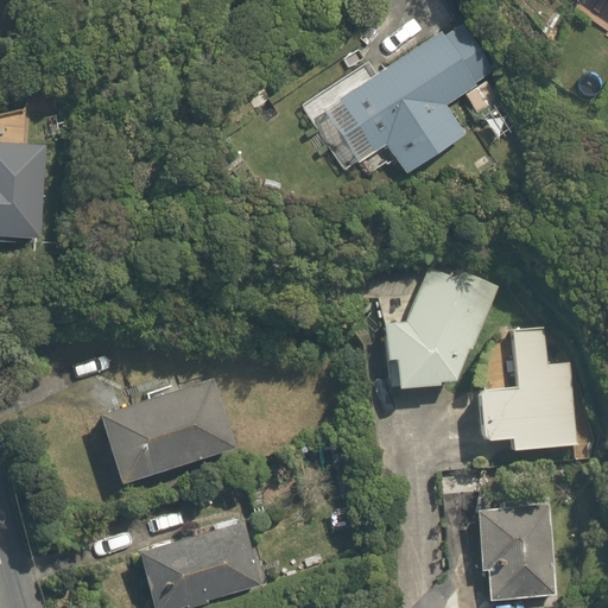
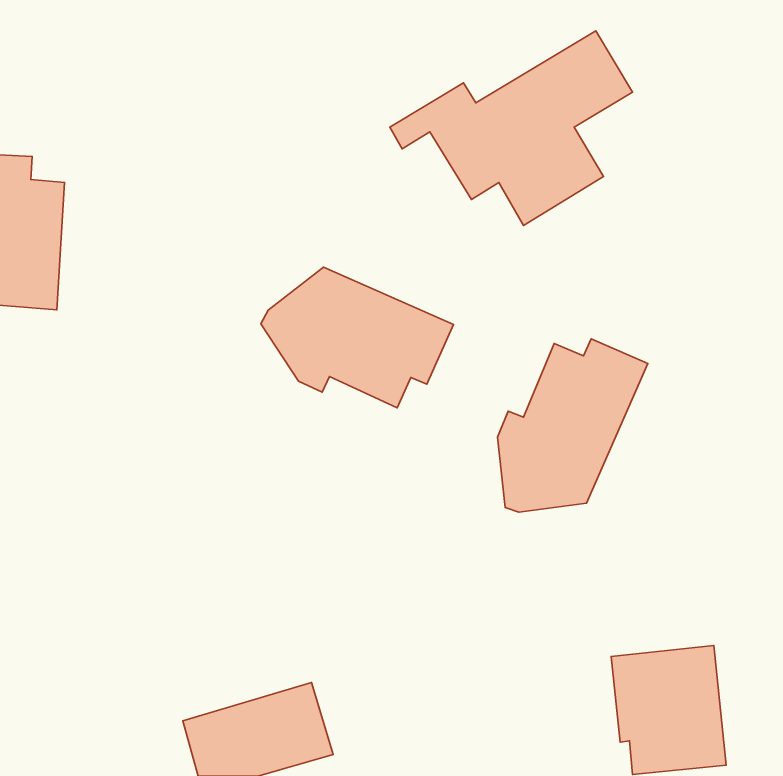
building: none -> [261,267,454,408]
building: [476,316,575,458] -> none
building: [96,374,234,486] -> none

